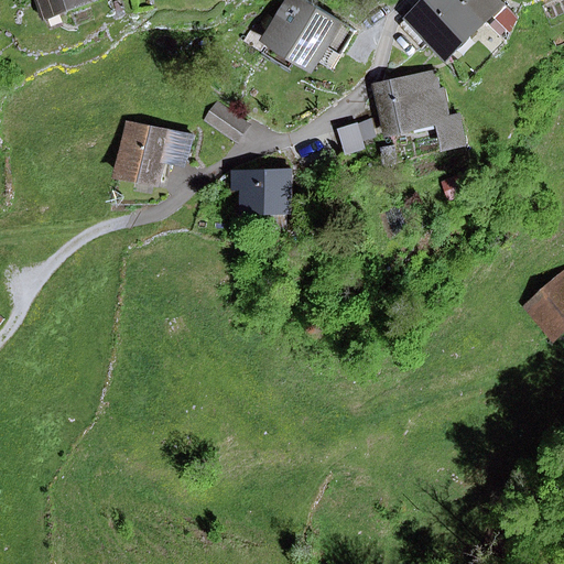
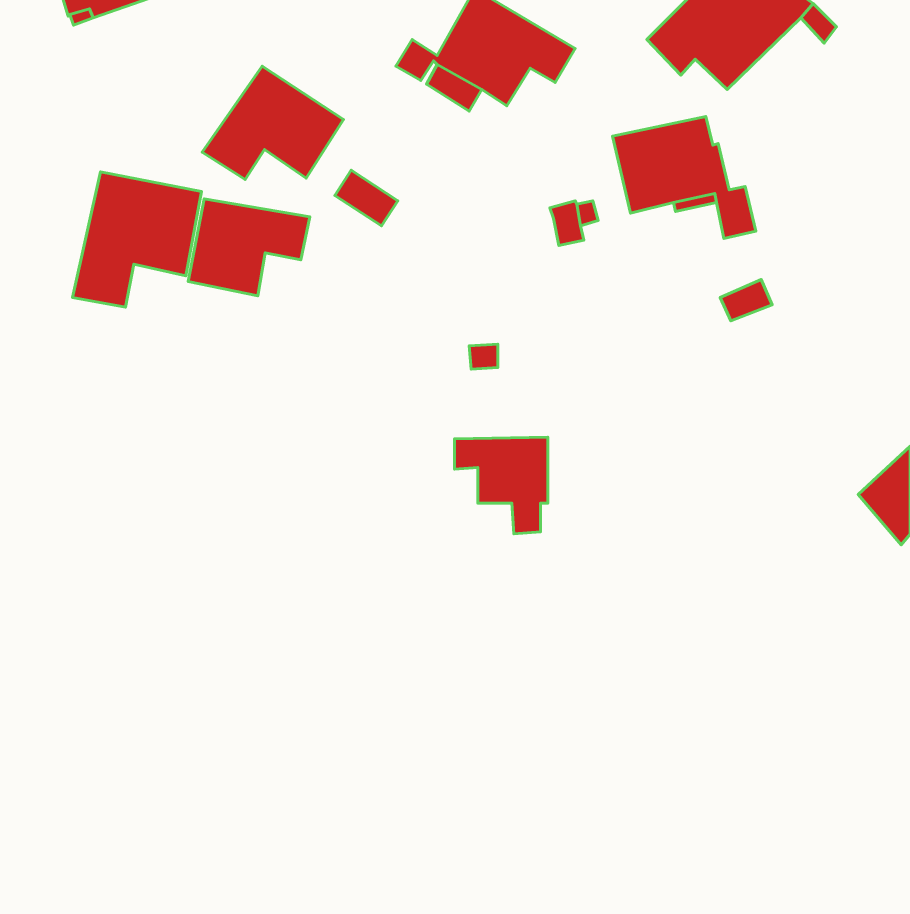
building: none -> [202,66,344,180]
building: none -> [73,172,202,307]
building: [231,169,289,228] -> [455,437,548,534]

